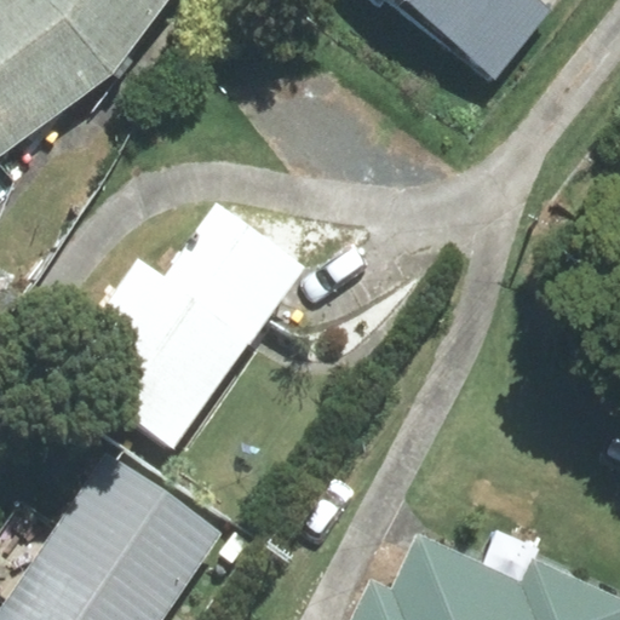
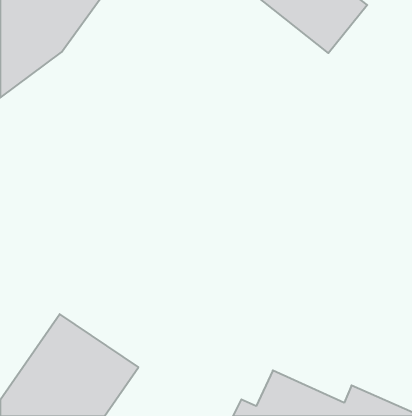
building: [64,213,297,449] -> none

